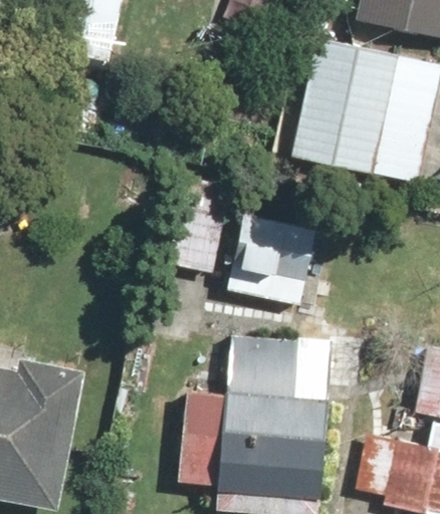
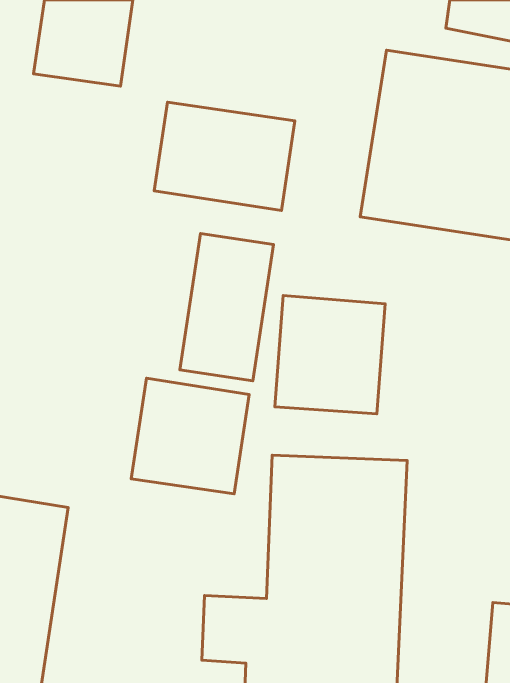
building: none -> [154,102,295,210]
building: none -> [131,378,249,494]

